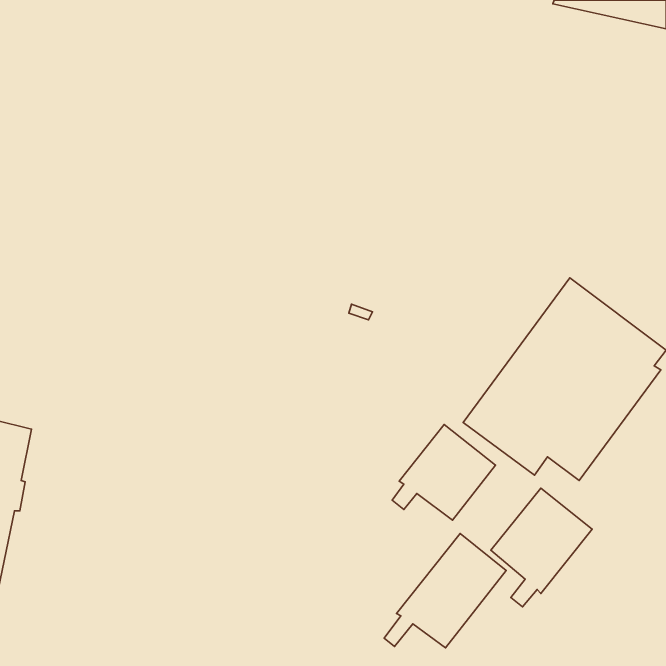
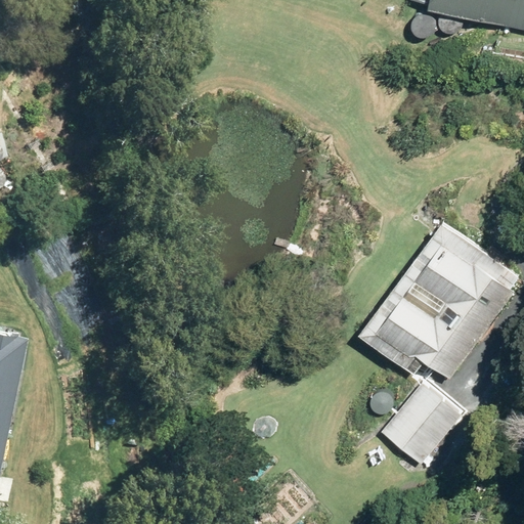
building: [392,425,495,520] -> none
building: [384,534,506,648] -> none

